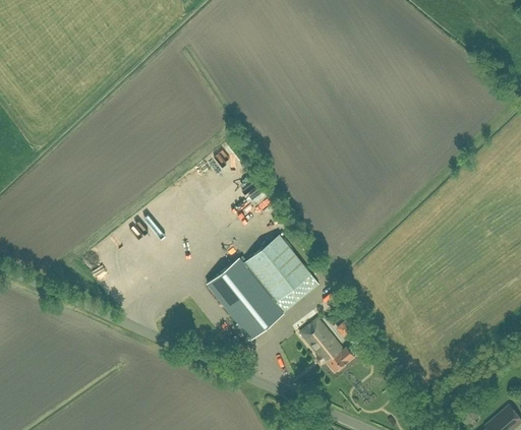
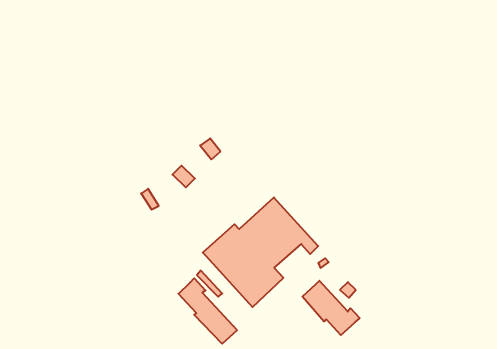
building: none -> [178,278,237,344]

